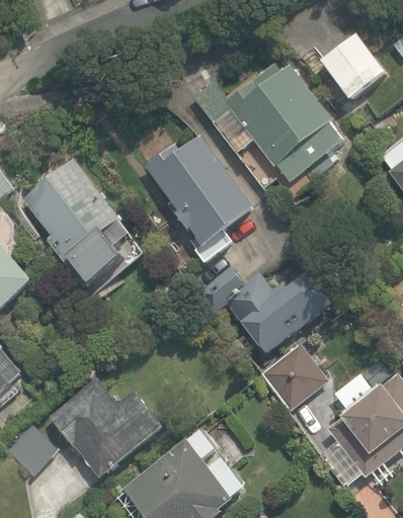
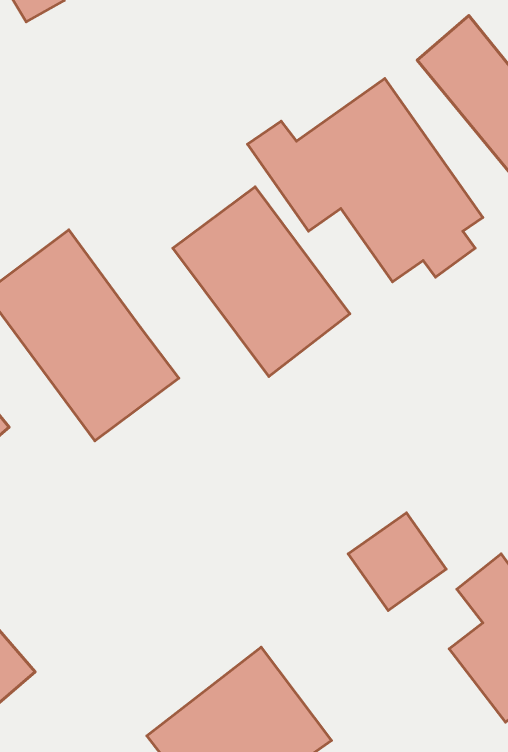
building: [197,254,335,355] -> none
building: [45,375,176,481] -> none

